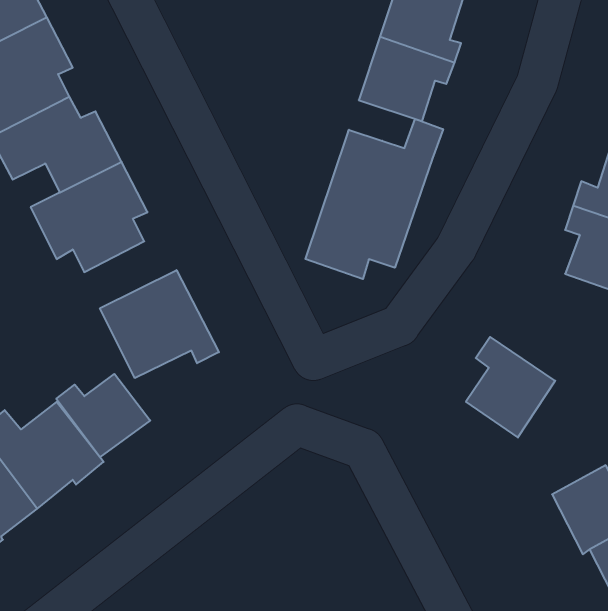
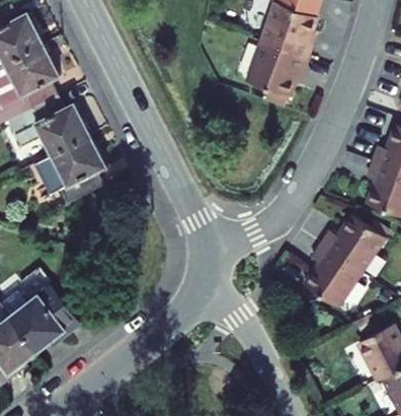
building: [305,119,443,279] -> none
building: [100,270,219,378] -> none
building: none -> [321,214,385,271]
building: [56,374,150,457] -> none

